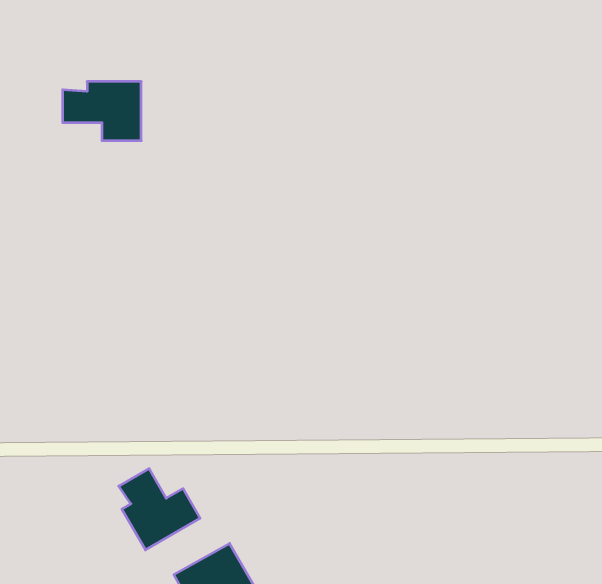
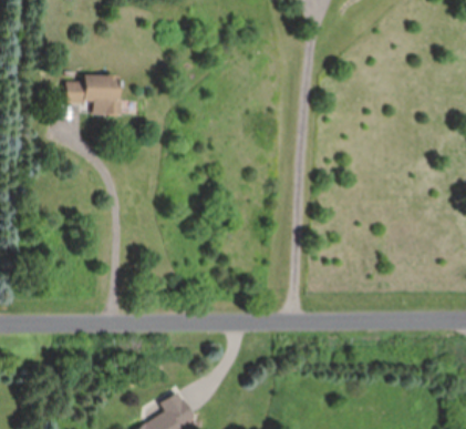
building: [119,469,200,550] -> none

